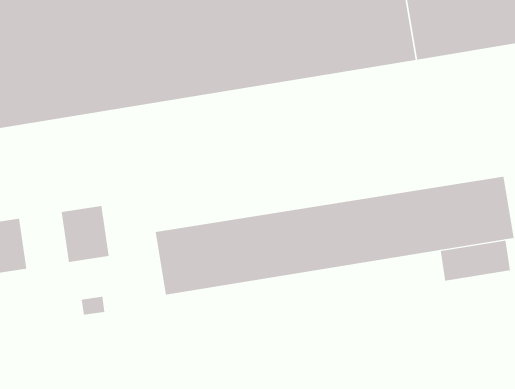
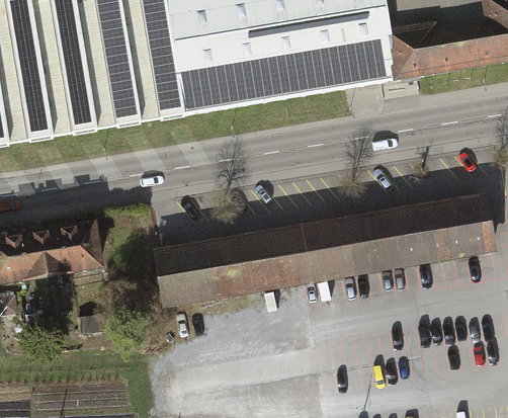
building: none -> [20,226,67,280]
building: [440,240,510,282] -> none

